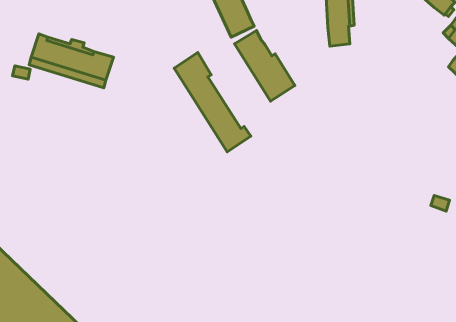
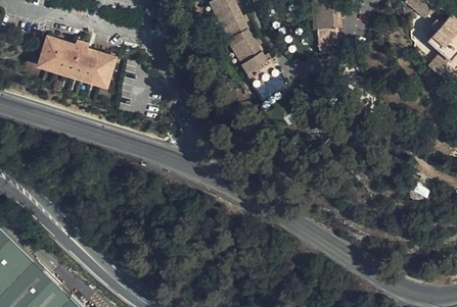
building: [174,52,251,152] -> none

